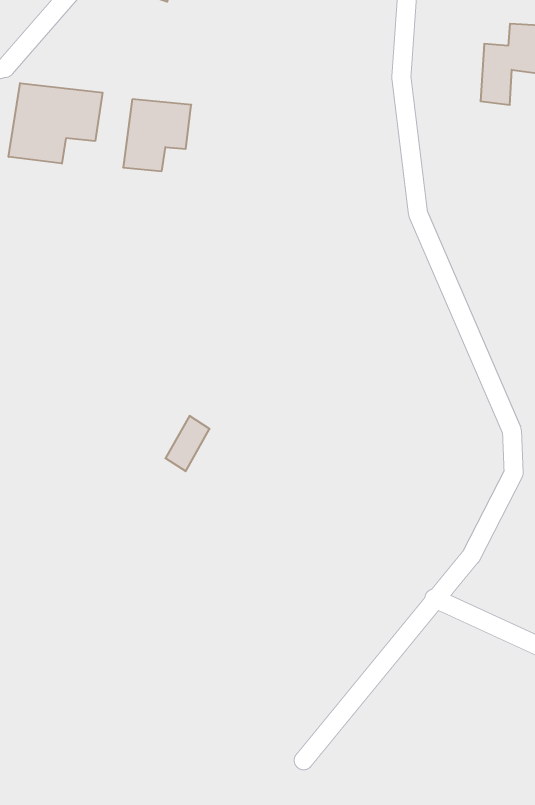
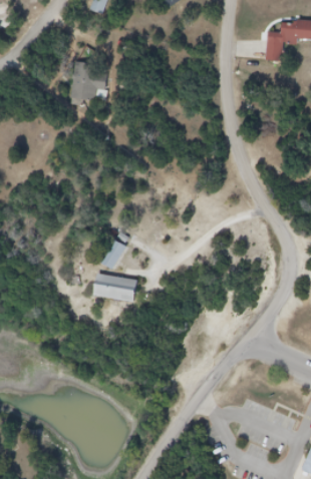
building: [9,83,103,164] -> none
building: none -> [93,272,139,305]

